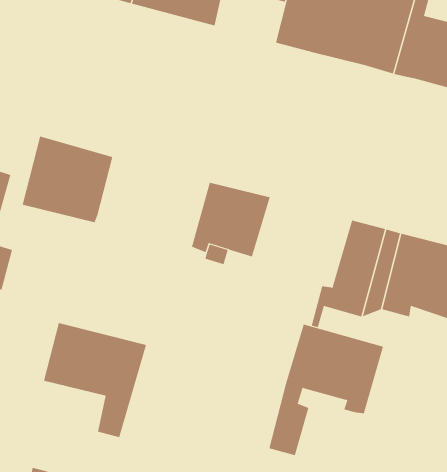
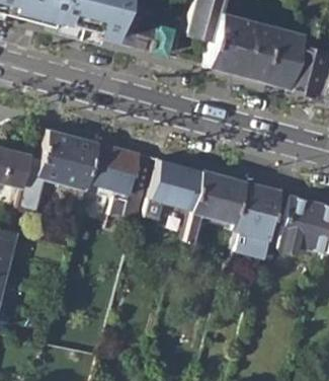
building: [43,322,147,438] -> [86,143,156,221]
building: [269,324,384,456] -> [179,170,257,259]

